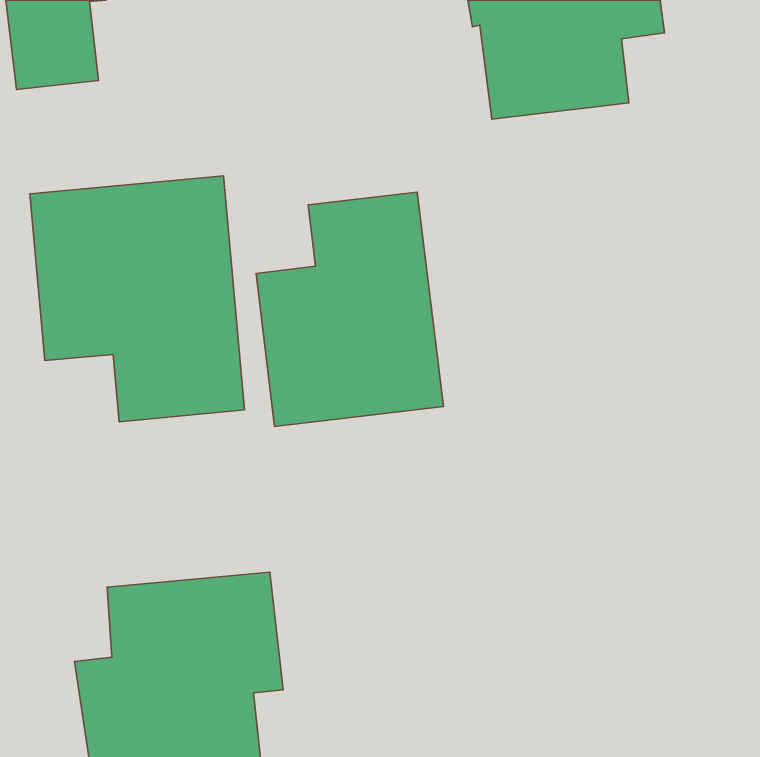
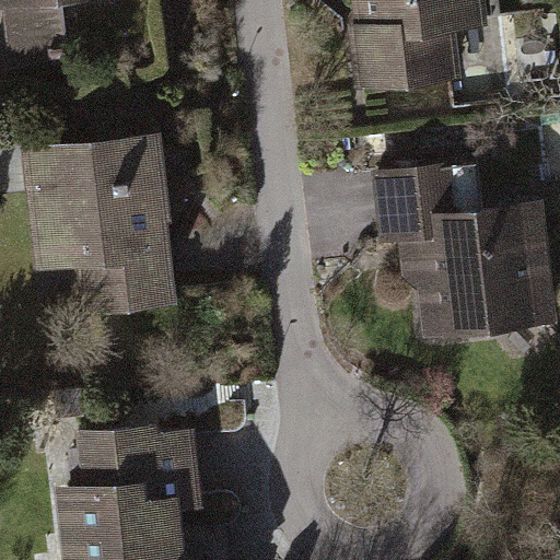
building: [256,192,443,426] -> none
building: none -> [372,163,552,339]

